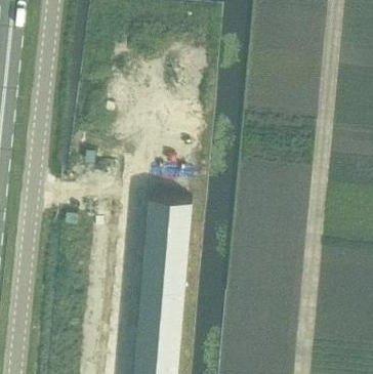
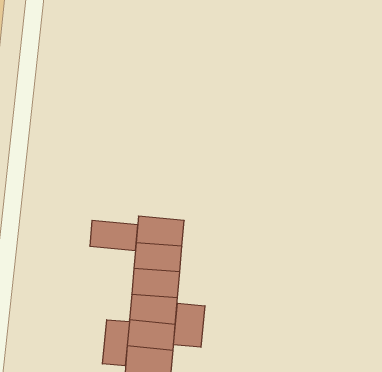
building: [148,201,192,228] -> [90,220,138,250]
building: none -> [173,303,205,347]
building: none -> [102,320,129,366]

